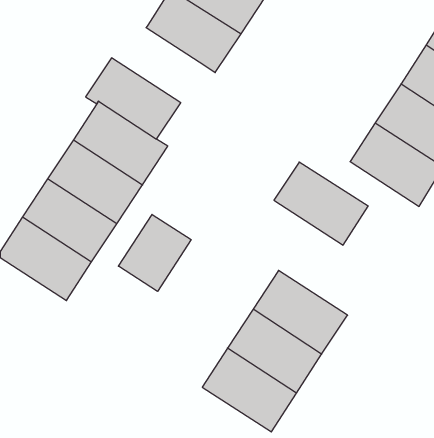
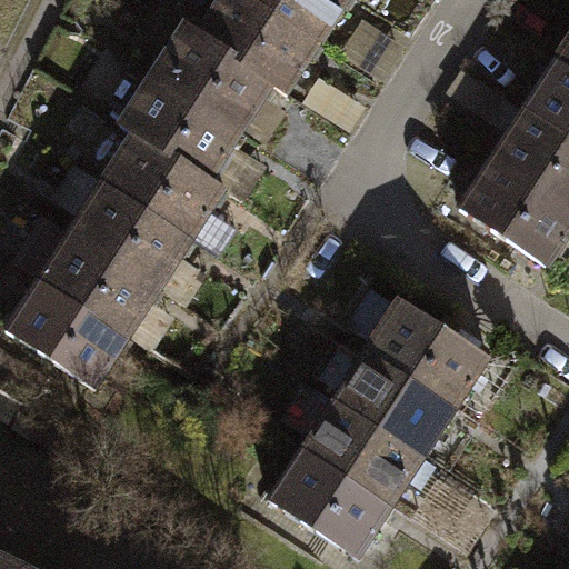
building: none -> [153,23,273,132]
building: [274,162,368,245] -> [368,299,489,406]
building: [118,214,191,291] -> none

